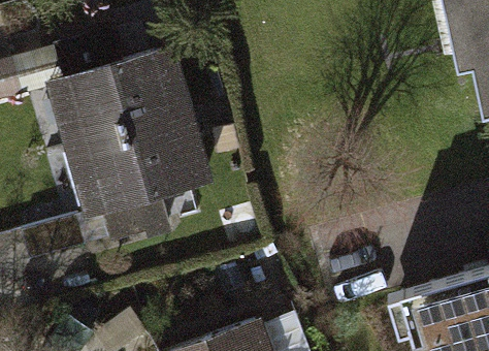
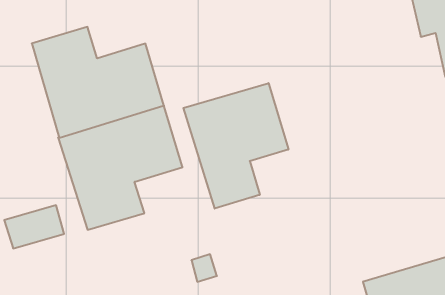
building: none -> [183,83,288,209]

